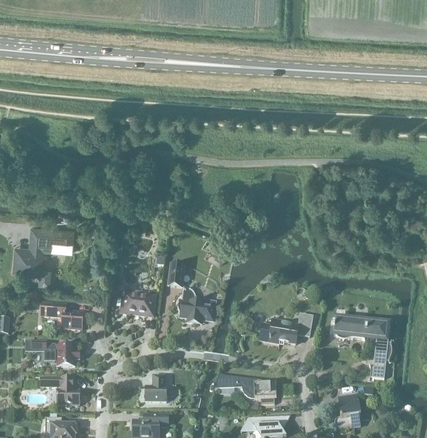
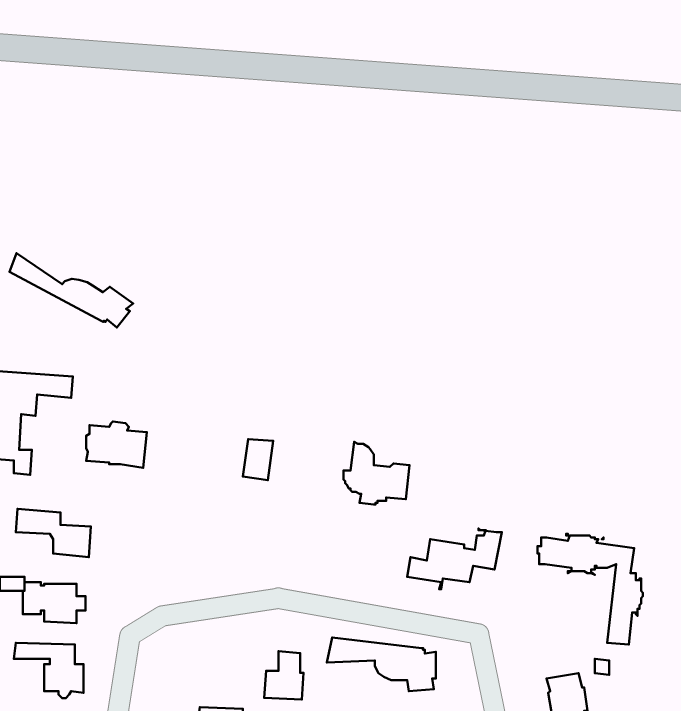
building: none -> [10,253,133,327]
building: [179,288,216,323] -> [343,442,410,504]
building: [122,290,156,316] -> [86,421,147,468]
building: [146,374,168,401] -> [264,651,304,699]

